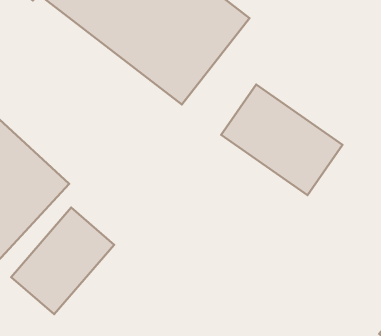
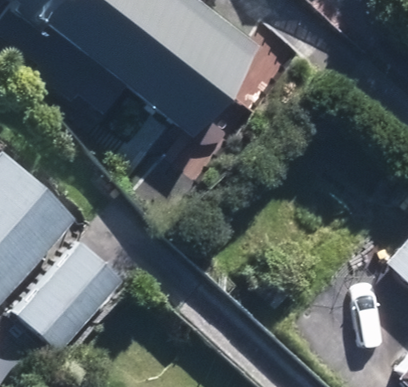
building: [221,84,343,195] -> none

